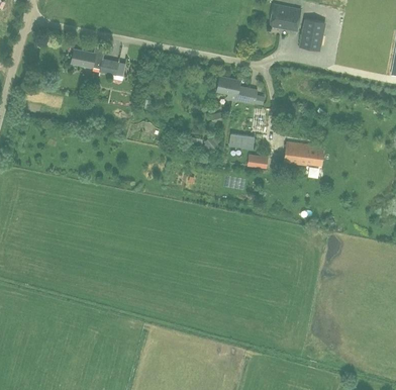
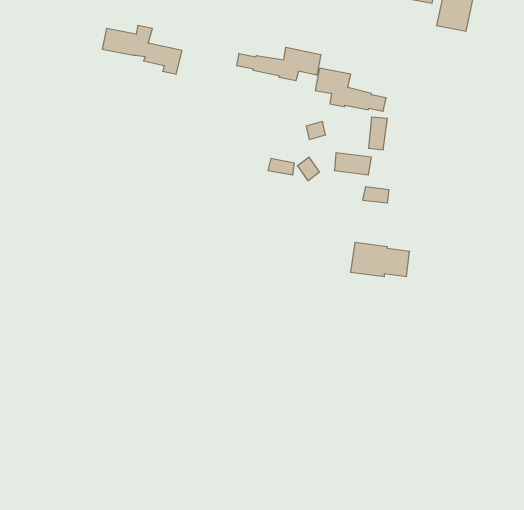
building: none -> [237,47,321,81]
building: [283,141,323,165] -> [350,243,410,277]

